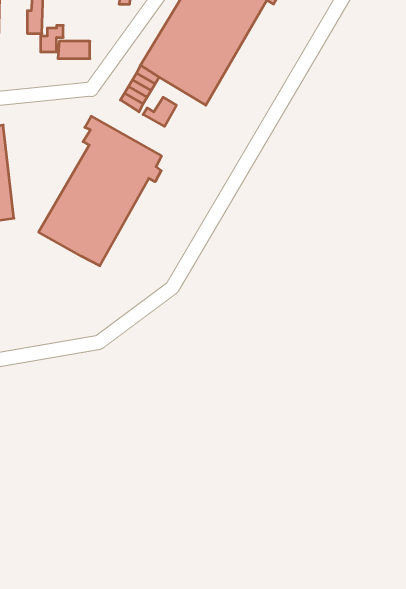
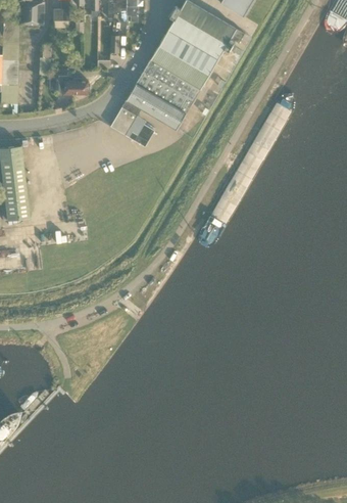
building: [39,116,161,266] -> none

